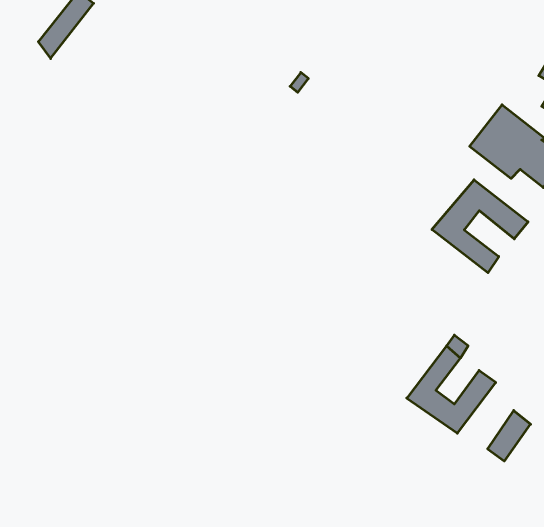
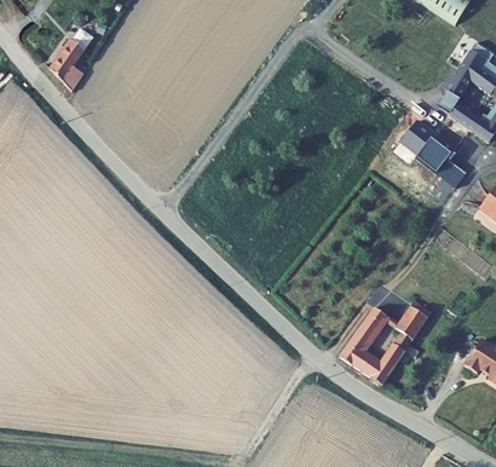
building: [432,180,528,273] -> none
building: [488,410,531,461] -> [397,301,431,341]

